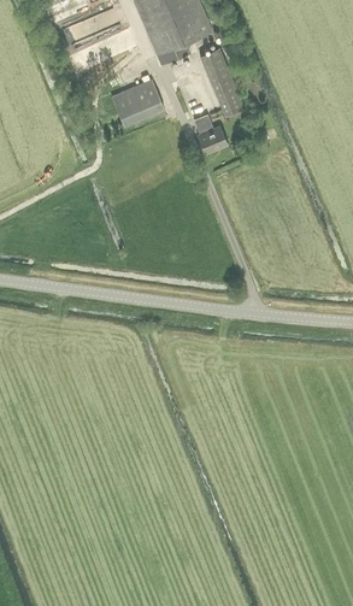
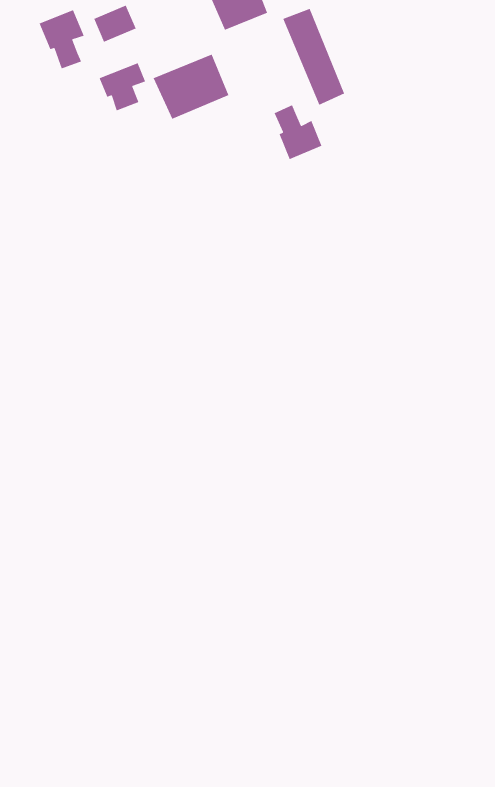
building: none -> [39,9,85,69]
building: none -> [98,62,146,112]

